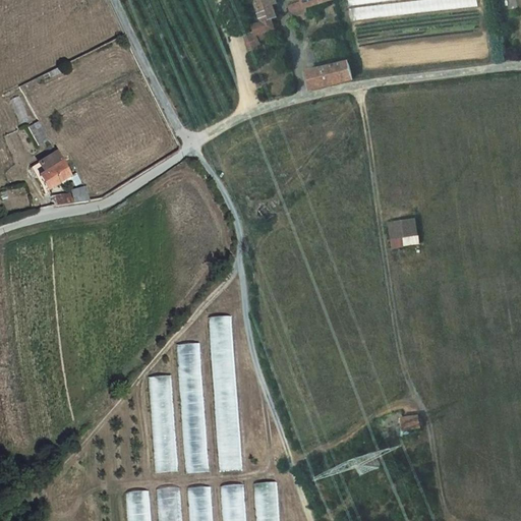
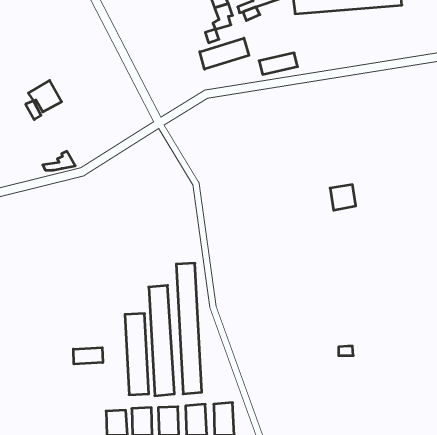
building: none -> [200,38,249,69]
building: [30,150,69,187] -> [28,80,62,112]
building: none -> [73,348,103,364]

